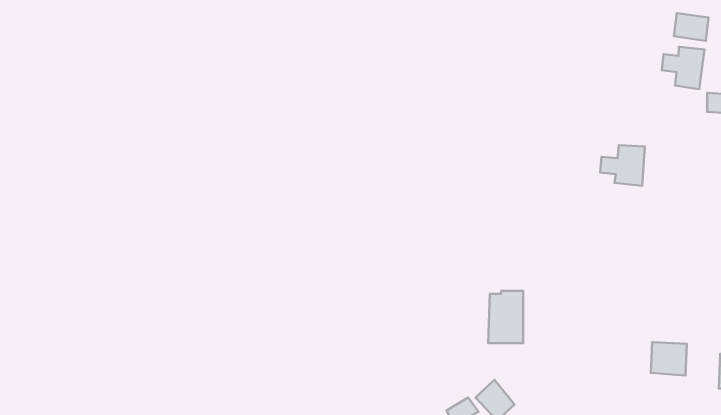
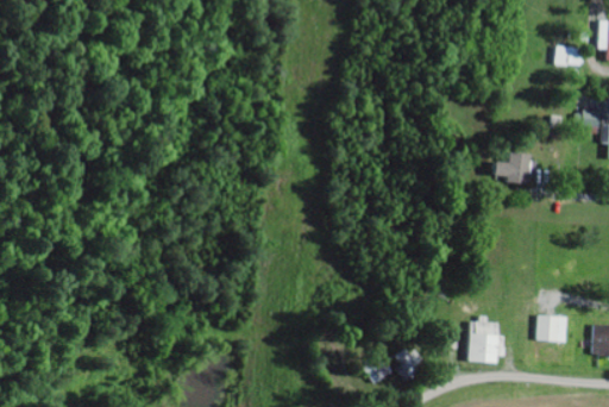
building: [662,47,705,89] -> none
building: [488,291,523,343] -> [469,319,497,362]

